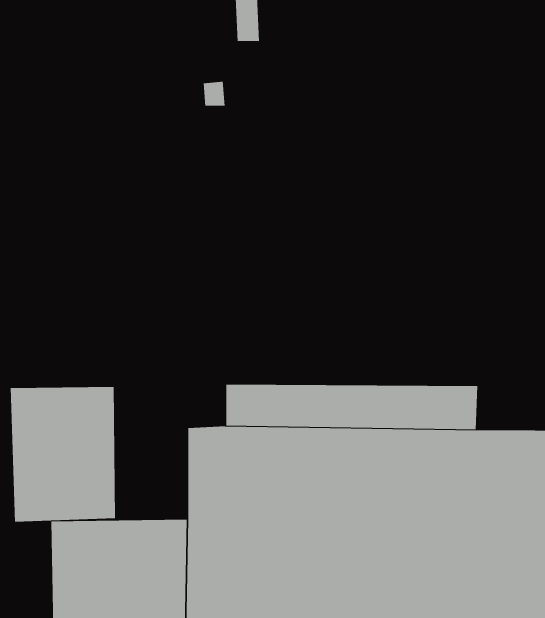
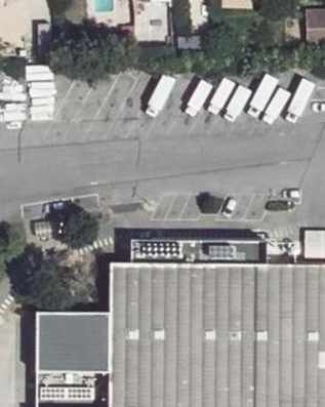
building: [10,386,116,522] -> none

